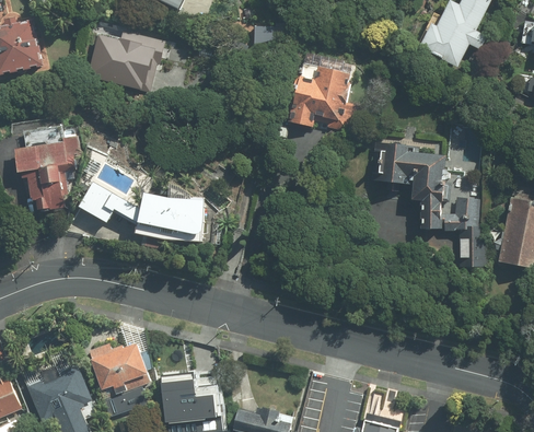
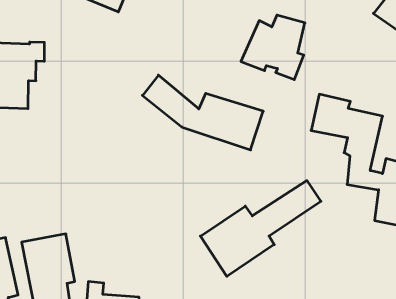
building: [80,183,209,245] -> [142,75,263,150]
building: none -> [200,181,321,276]

